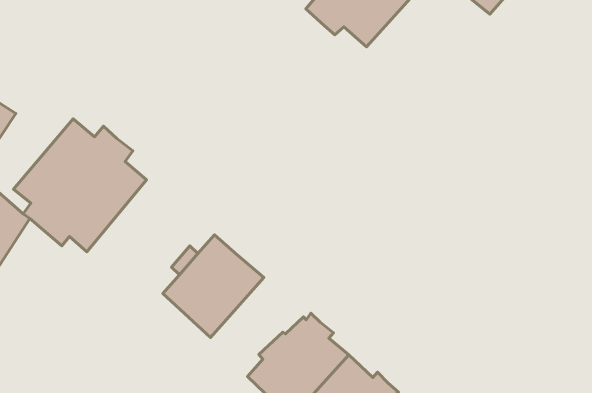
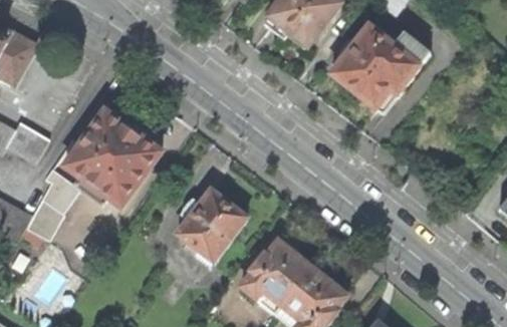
building: none -> [333,25,432,107]

